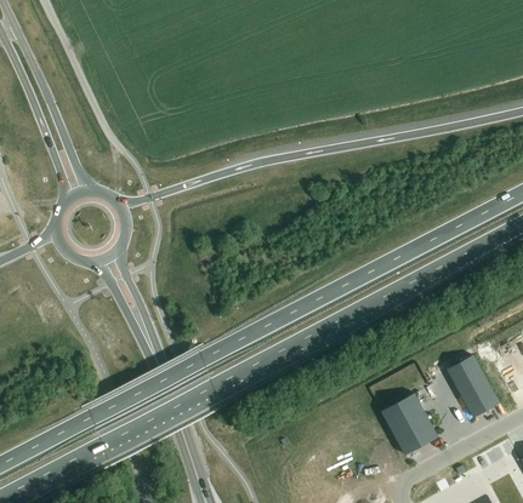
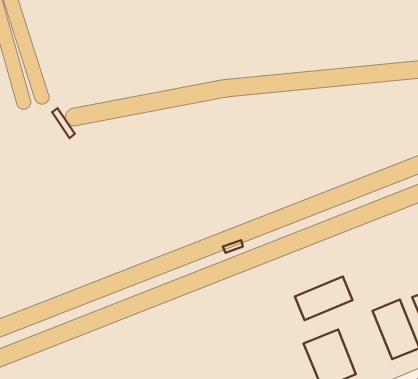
building: none -> [295,276,352,320]

